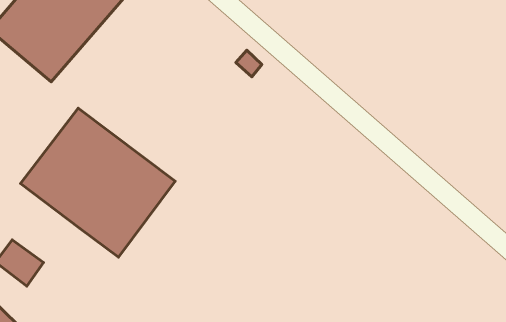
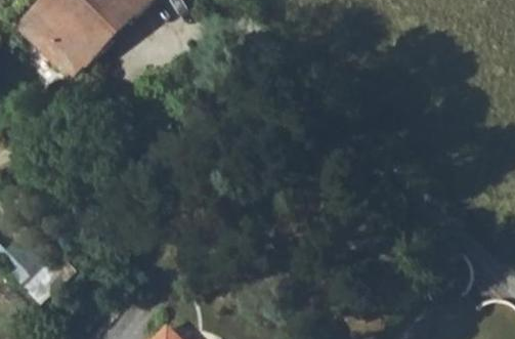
building: [20,108,175,257] -> none

